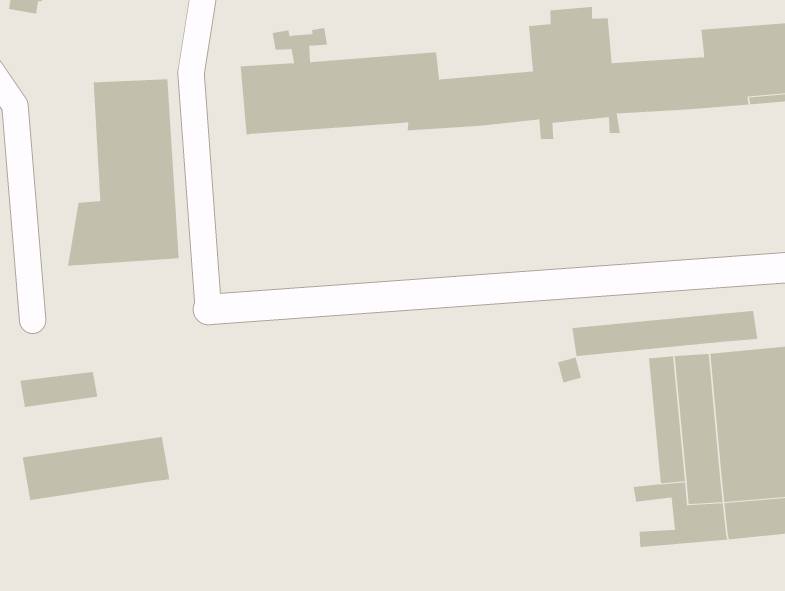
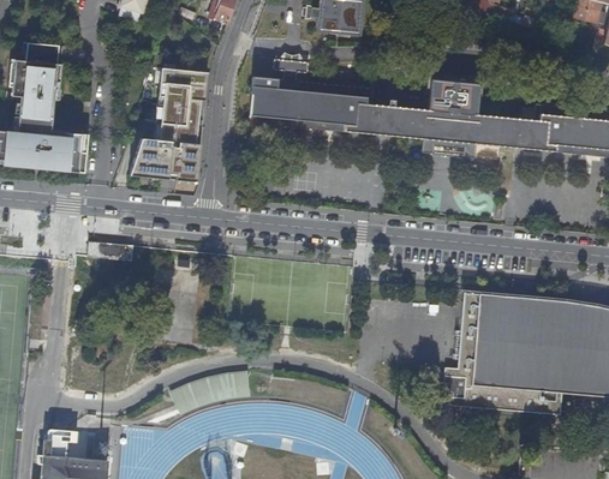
building: [572,310,758,357] -> none
building: [22,436,170,501] -> none

